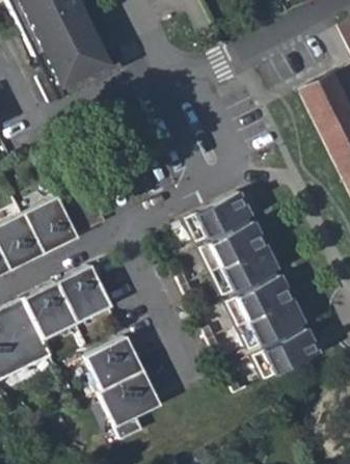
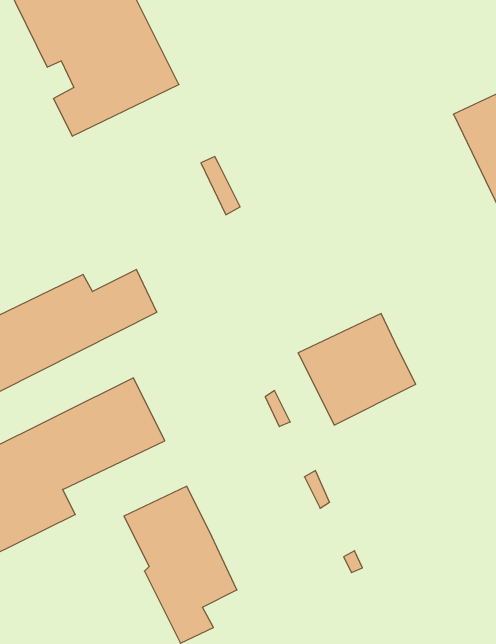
building: [184,191,250,241] -> none
building: [224,274,302,349] -> none
building: [251,328,318,378] -> none

